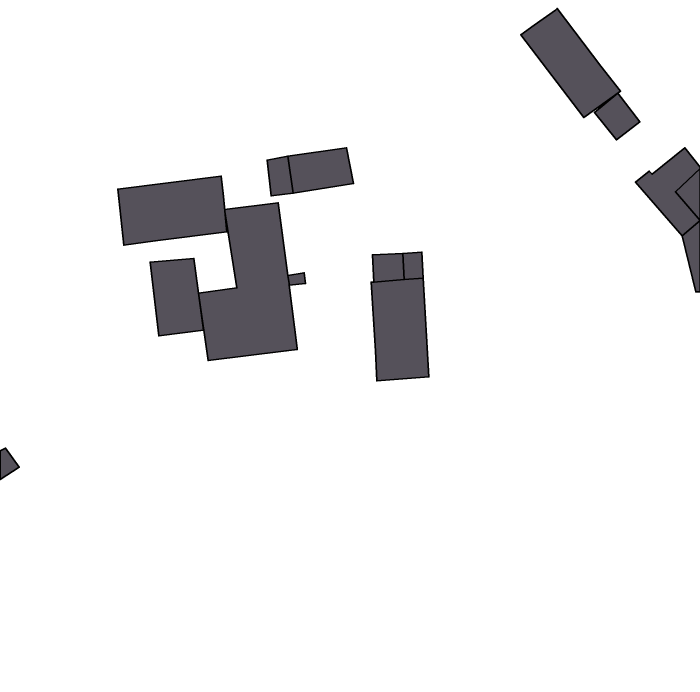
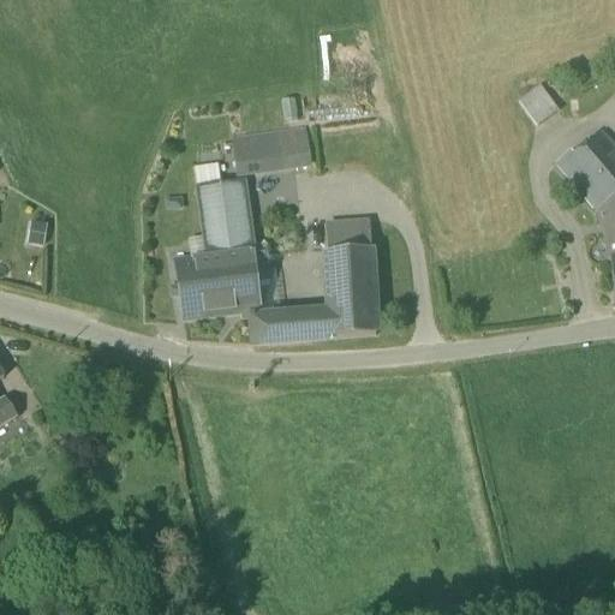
building: [521,9,620,118] -> none
building: [118,176,227,245] -> none
building: [150,258,204,336] -> none
building: none -> [251,308,330,340]

